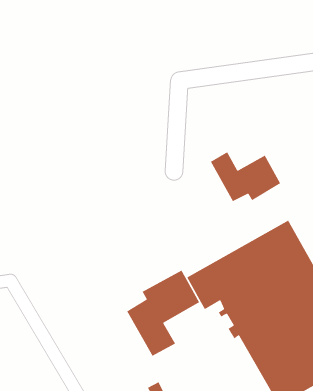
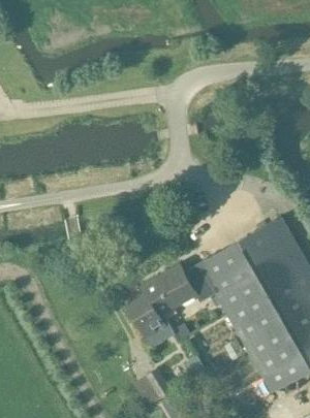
building: [210,151,281,202] -> none

